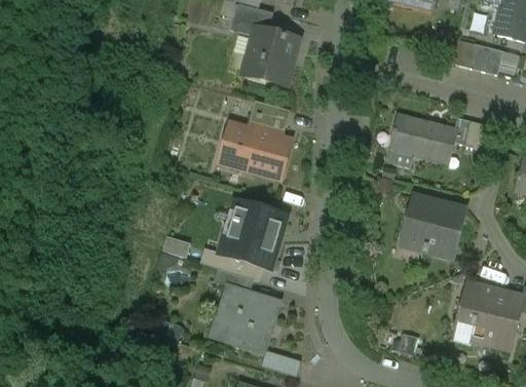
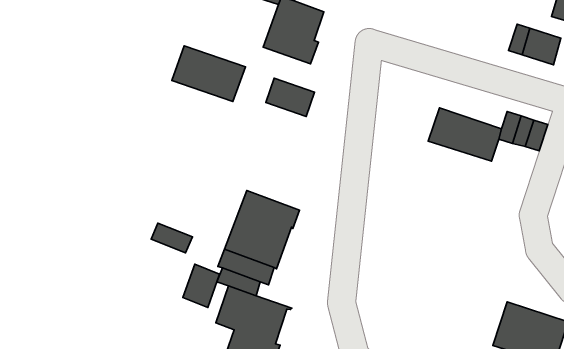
building: [223,128,287,175] -> [172,46,245,102]
building: [406,198,465,257] -> none
building: none -> [183,264,220,307]

